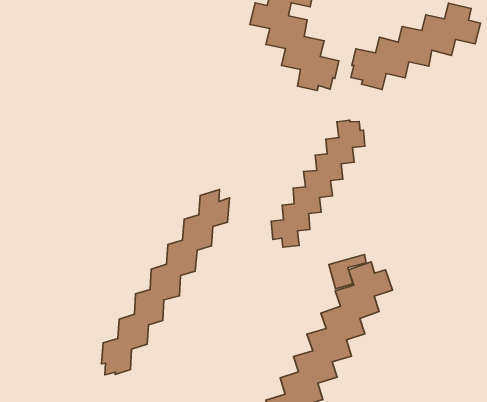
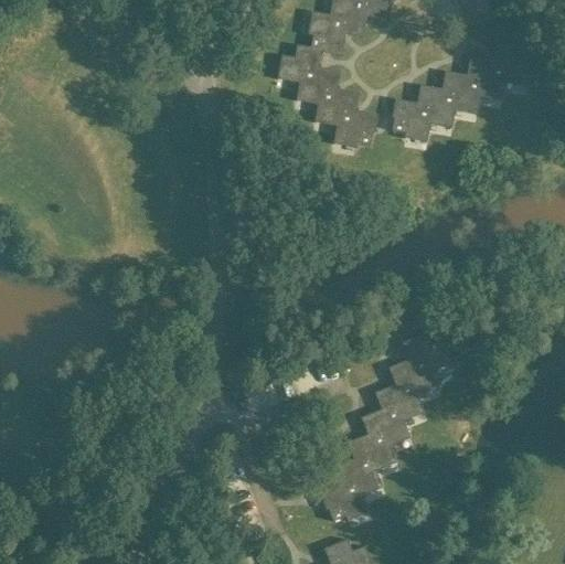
building: [271,120,365,247] -> none
building: [101,190,229,375] -> none

